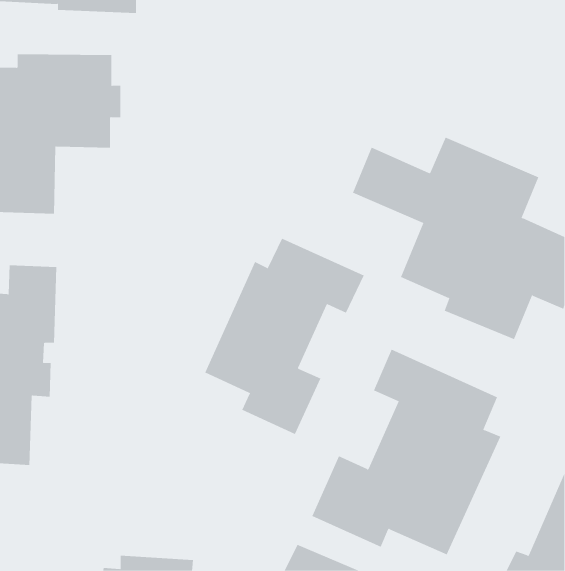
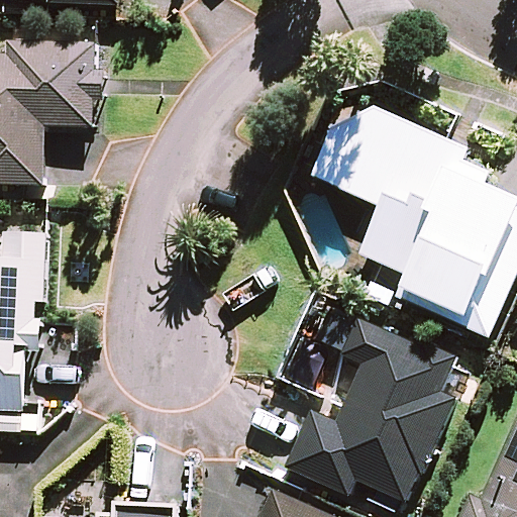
building: [204,238,364,435] -> none

